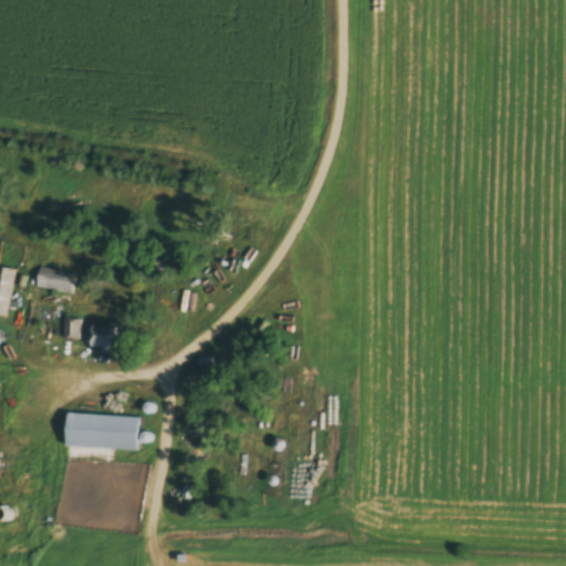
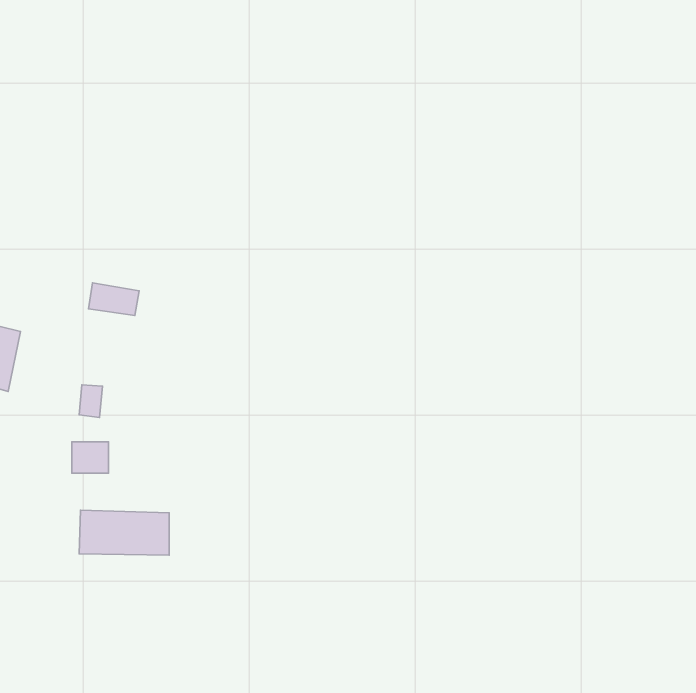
building: [35,265,76,292] -> [89,283,139,315]
building: [86,324,116,349] -> [72,442,109,473]

